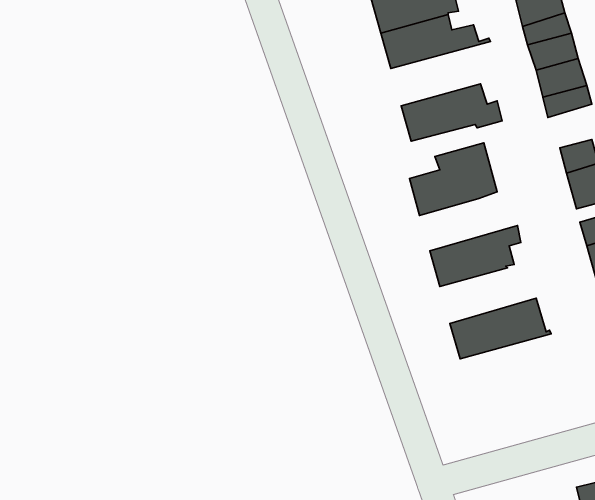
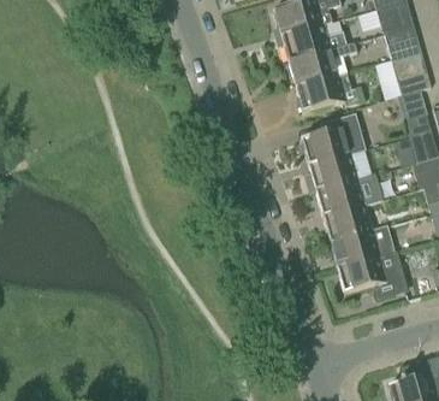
building: none -> [286,42,358,88]
building: none -> [307,154,376,191]
building: none -> [321,204,390,243]
building: none -> [336,250,410,297]

